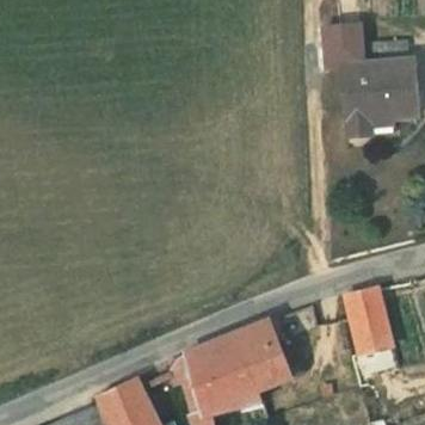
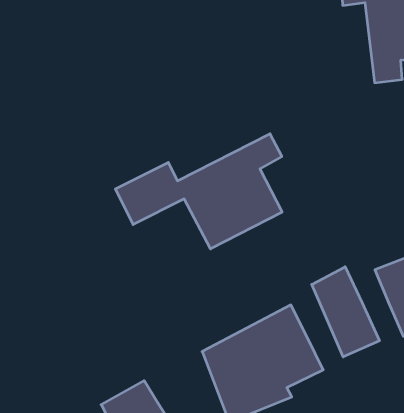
building: none -> [115,134,282,249]
building: none -> [312,267,379,357]

